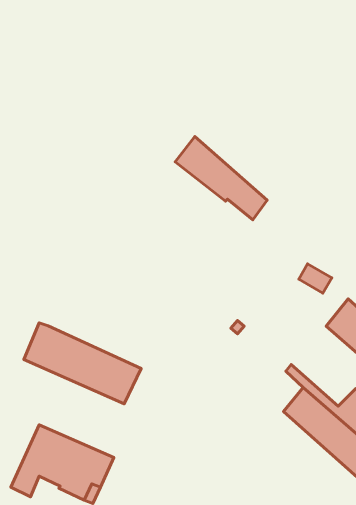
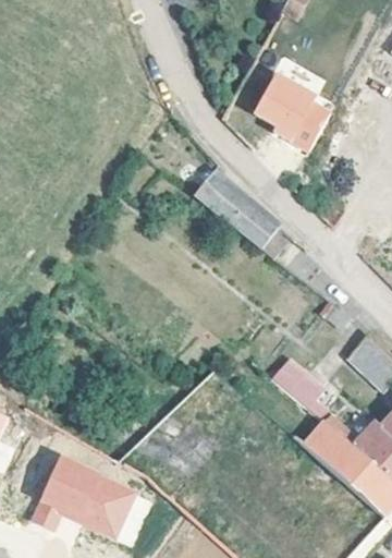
building: none -> [250,69,336,147]
building: [24,323,141,404] -> none
building: none -> [270,356,323,404]

